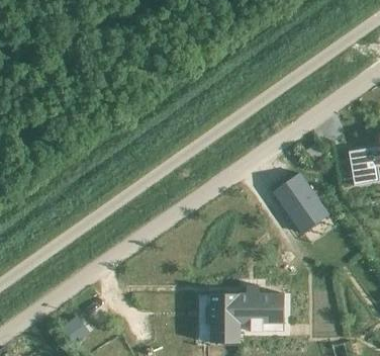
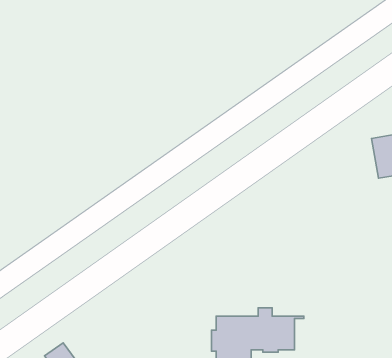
building: [274,175,329,235] -> none

